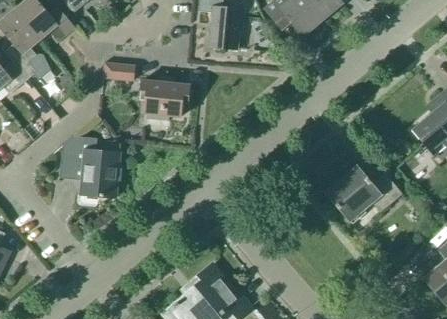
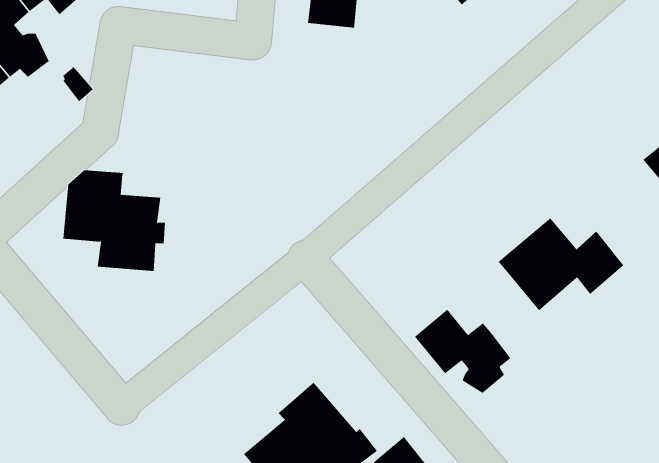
building: [102,62,133,81] -> none
building: [140,77,189,121] -> none
building: none -> [414,309,511,394]

